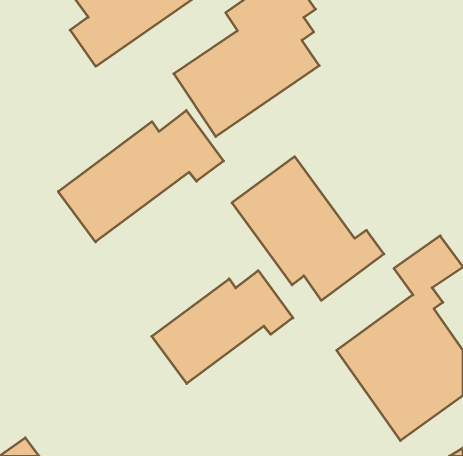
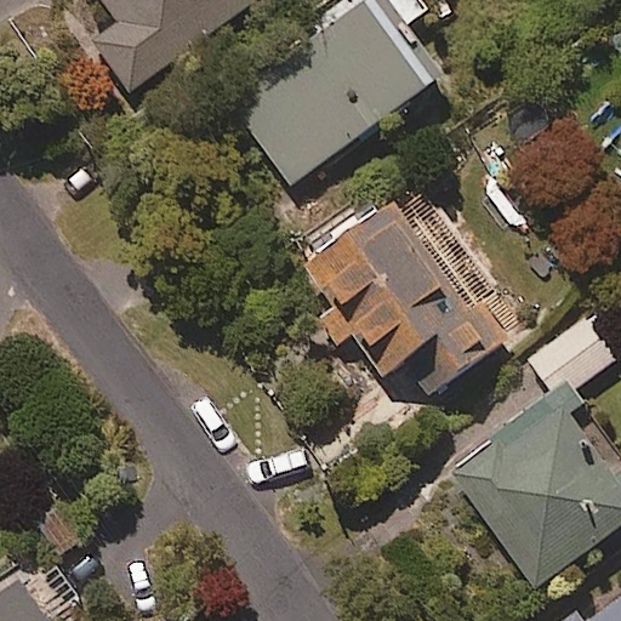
building: [58,110,224,242] -> none
building: [152,271,293,384] -> none

